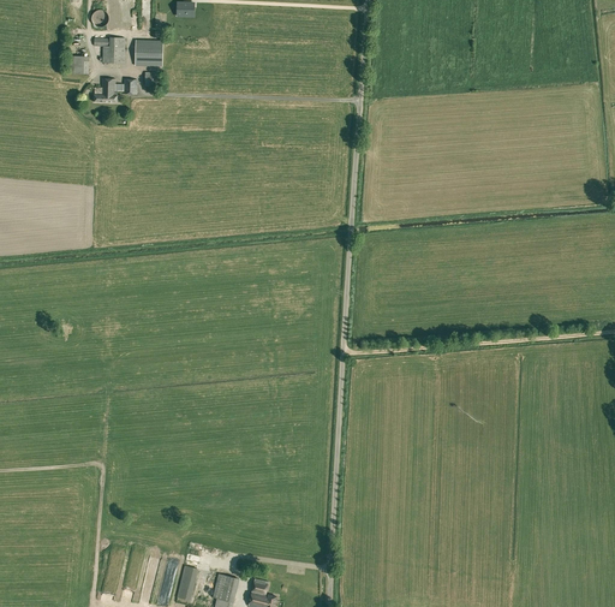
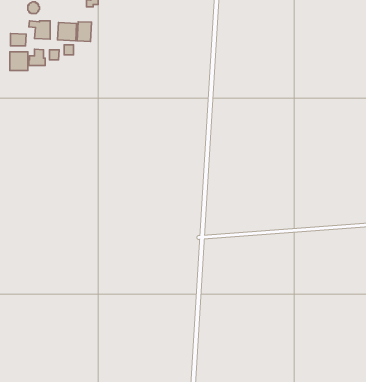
building: none -> [77,22,92,41]
building: none -> [10,52,28,70]

